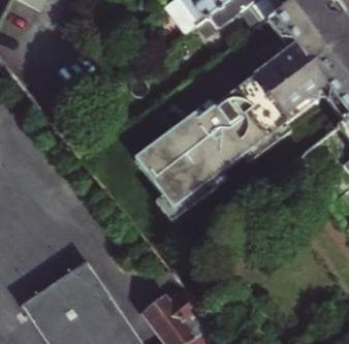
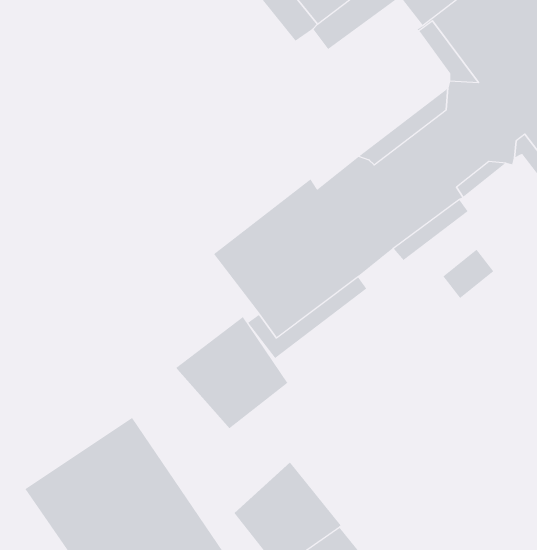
building: none -> [176,316,288,429]

